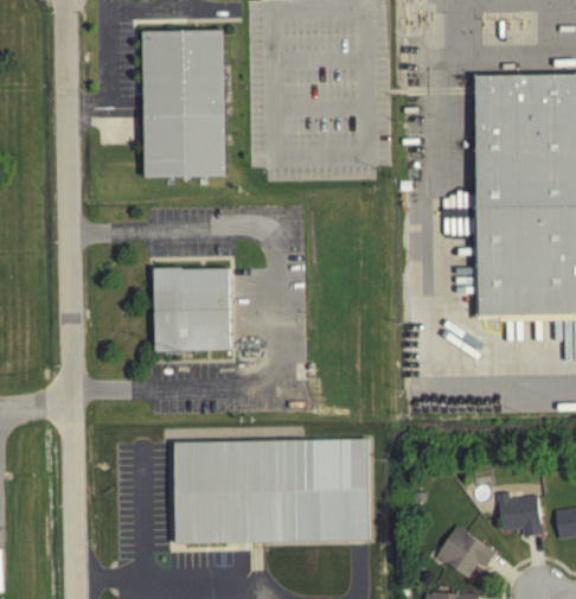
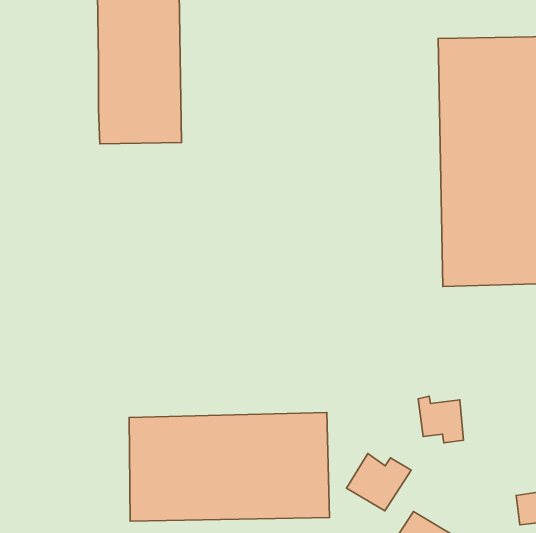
building: [155,268,230,351] -> none
building: none -> [347,454,411,511]
building: [494,499,538,544] -> [418,396,463,443]

